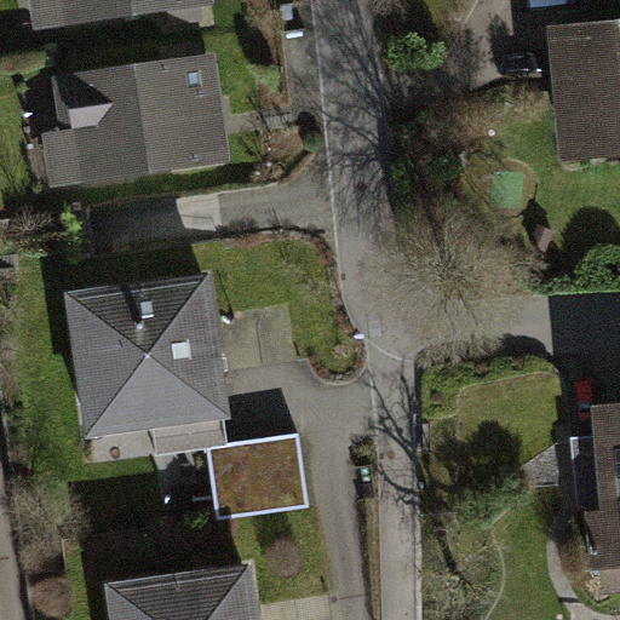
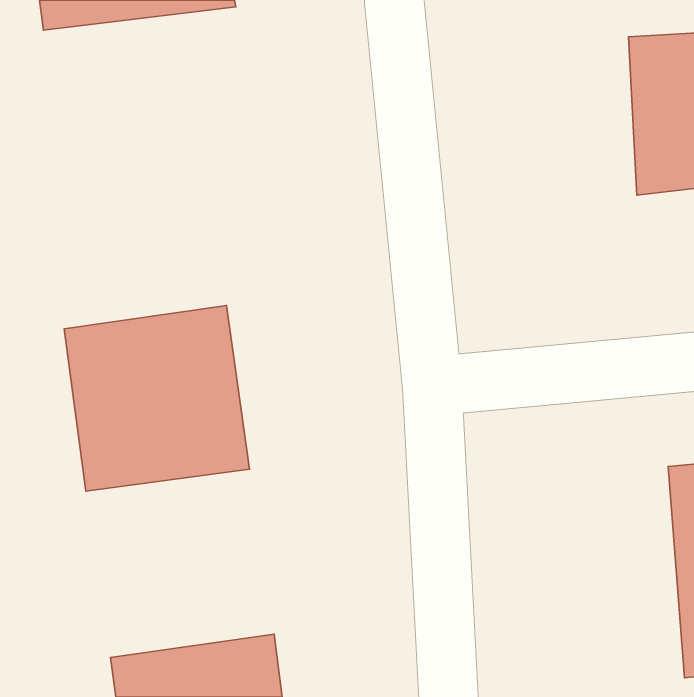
building: [54,65,232,184] -> none
building: [201,435,302,517] -> none

